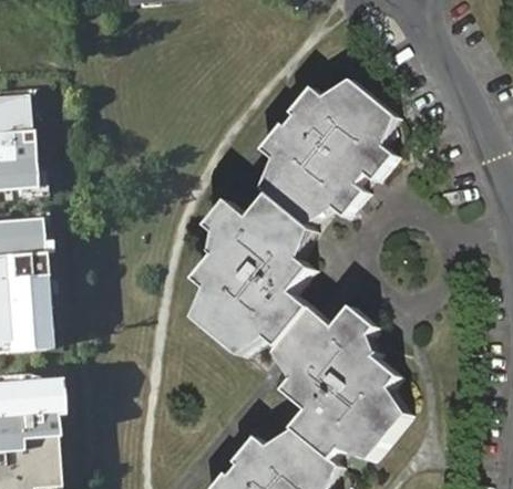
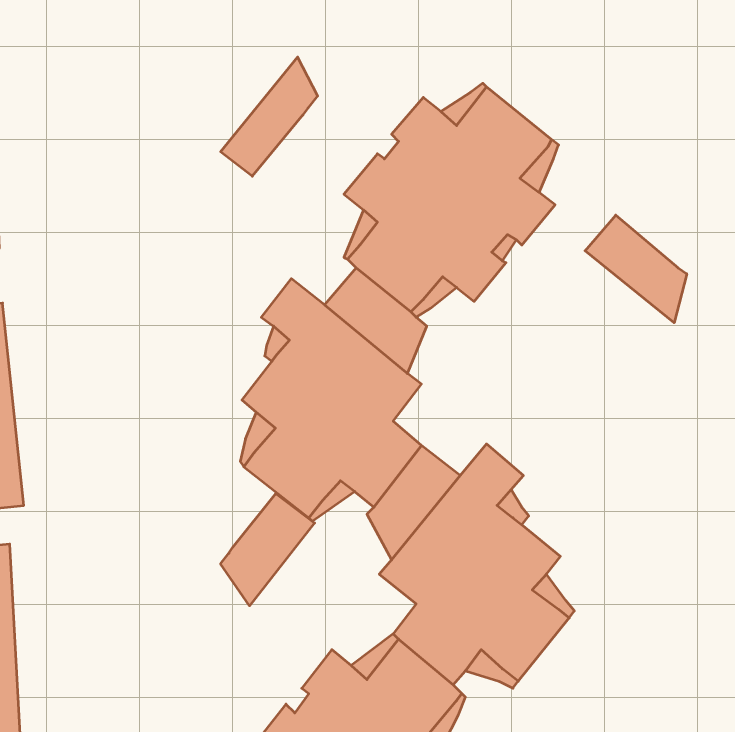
building: none -> [221,57,318,176]
building: none -> [585,215,687,323]
building: none -> [221,494,315,606]

